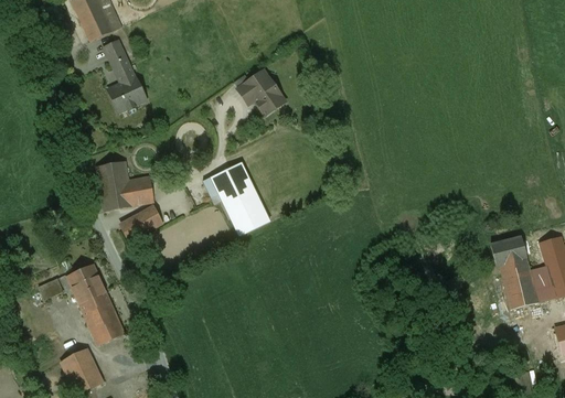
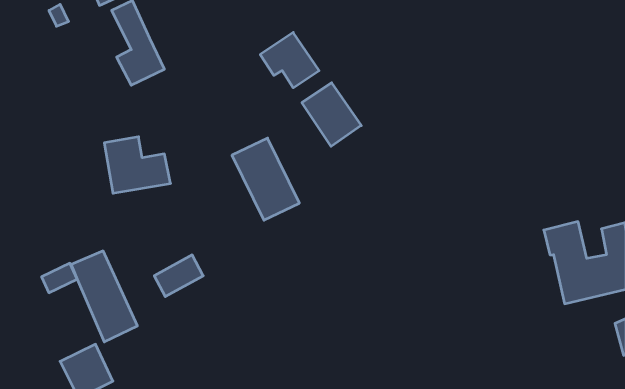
building: none -> [302,83,361,146]
building: [119,204,163,241] -> [154,255,203,297]

